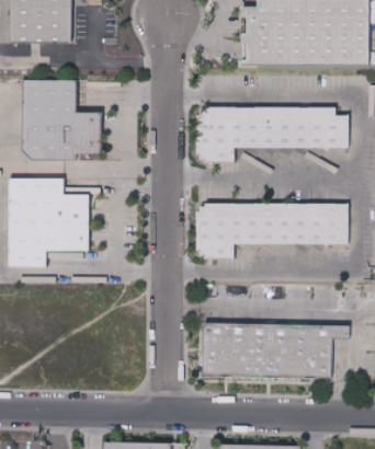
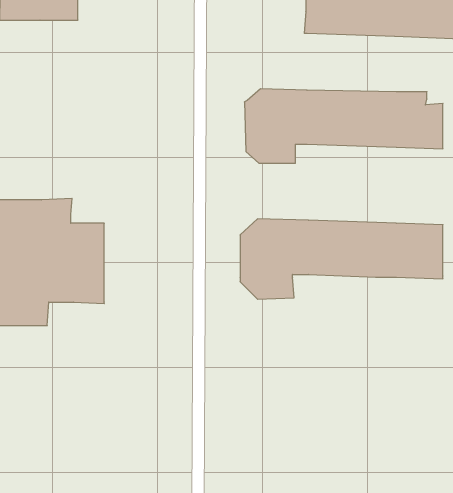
building: [22,85,101,175] -> none
building: [204,322,346,378] -> none

